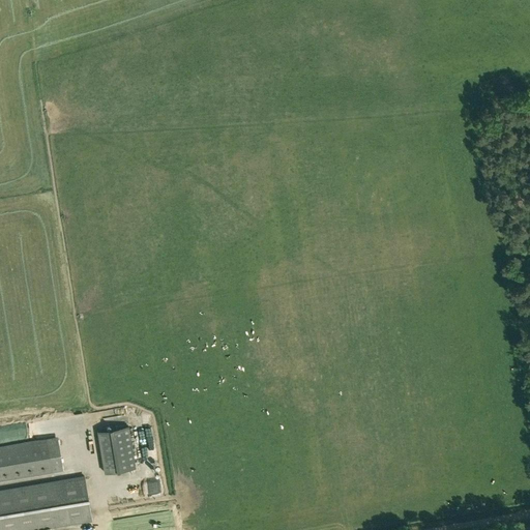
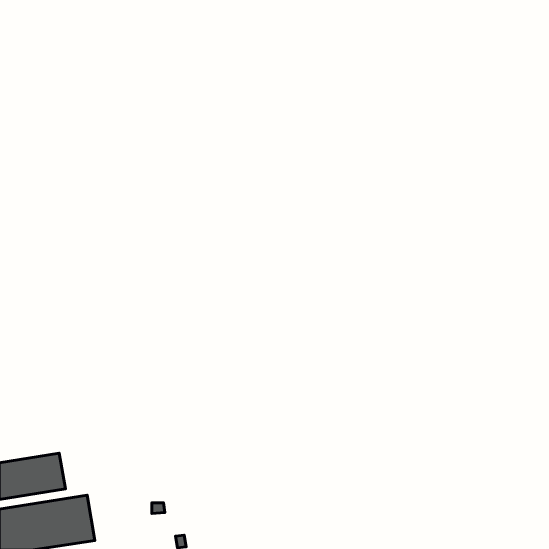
building: [96,426,135,474] -> none

